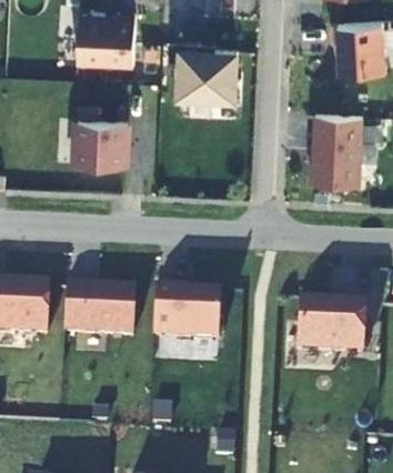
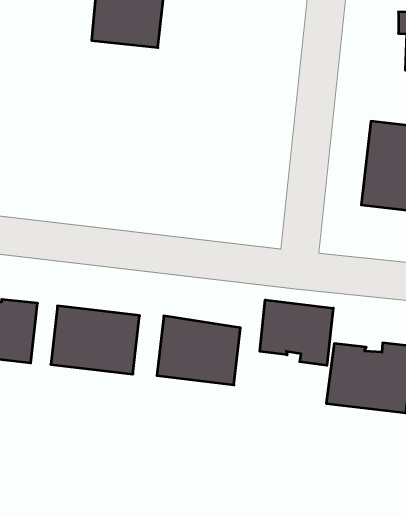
building: [180,41,238,97] -> none
building: [75,119,129,165] -> none
building: none -> [260,300,333,365]

